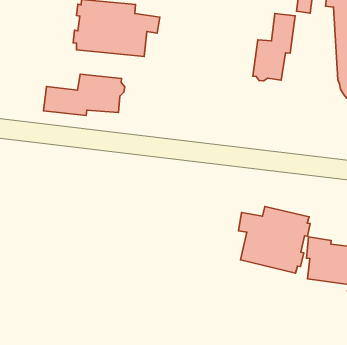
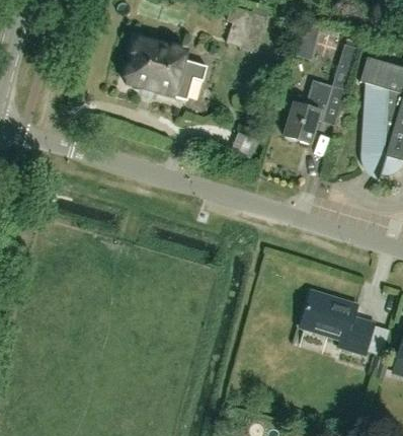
building: [43,74,125,115] -> none
building: [238,206,310,273] -> none

